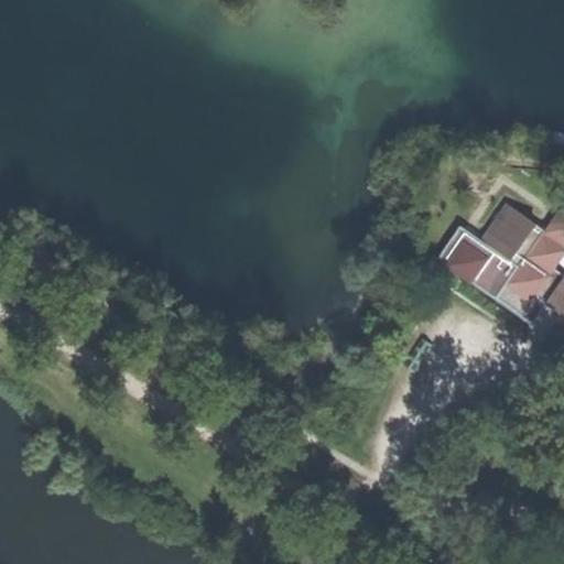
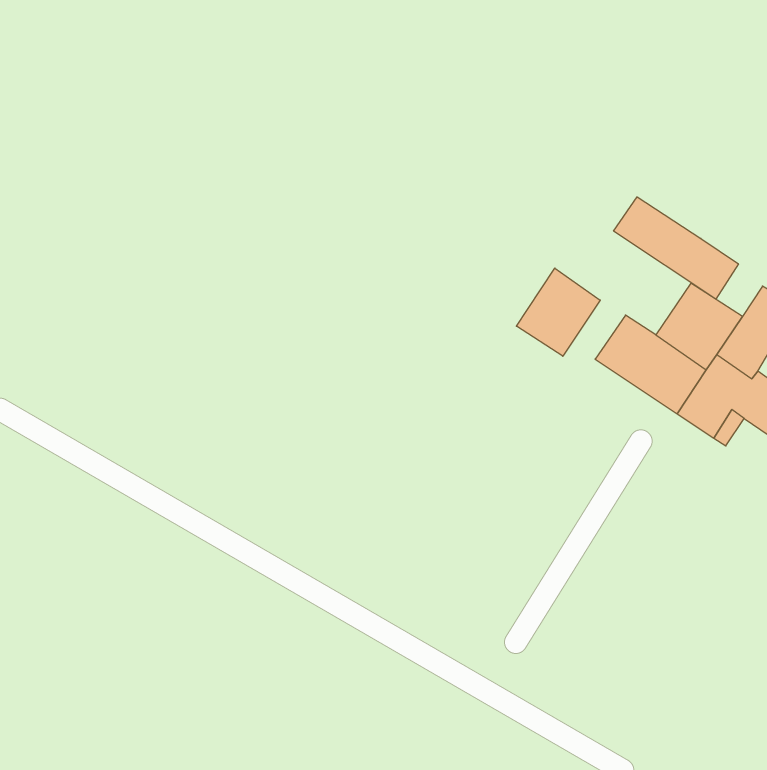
building: none -> [614,197,738,299]
building: none -> [516,268,600,356]

